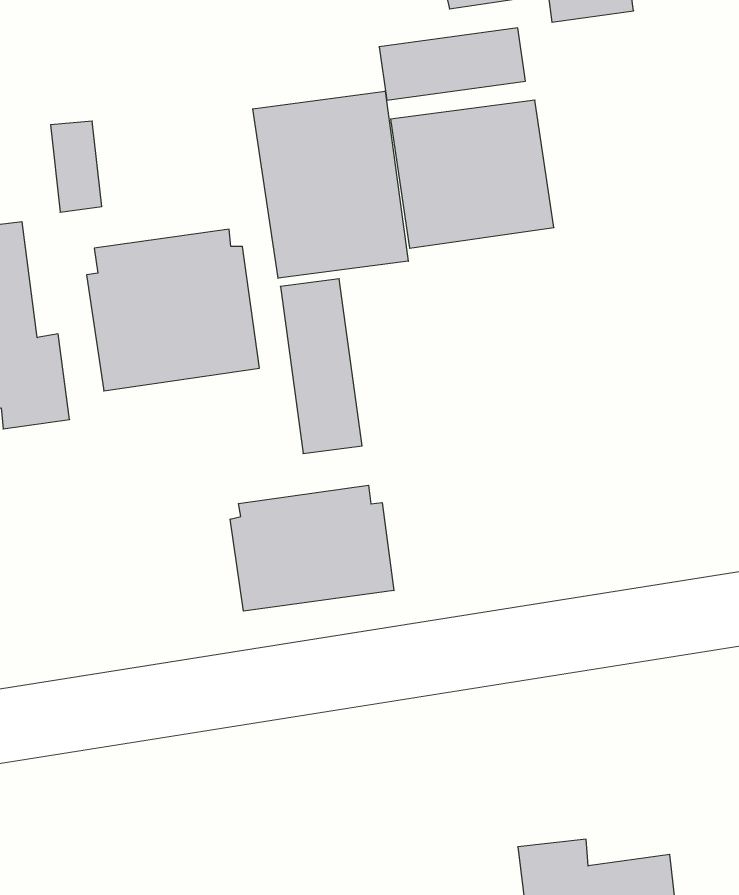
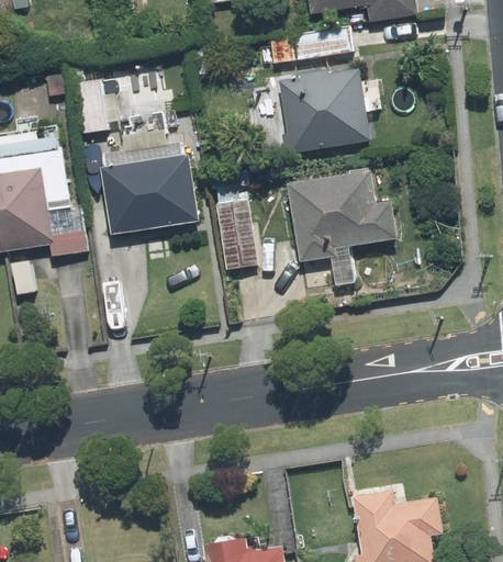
building: [253,91,408,278] -> none
building: none -> [288,167,398,261]
building: [230,485,394,611] -> none

